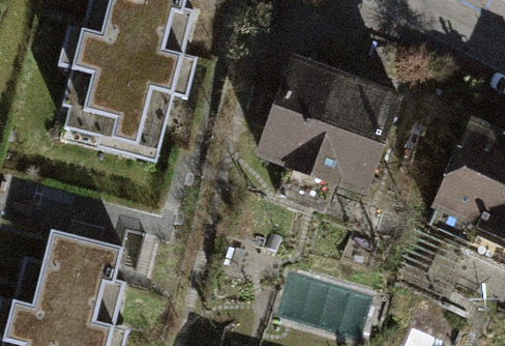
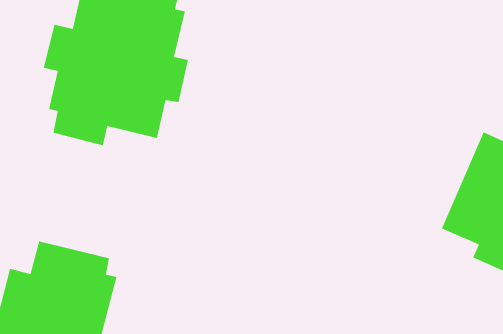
building: [270,62,404,198] -> none

